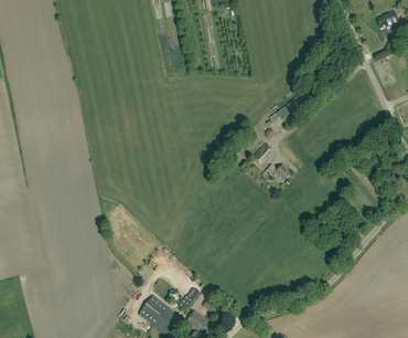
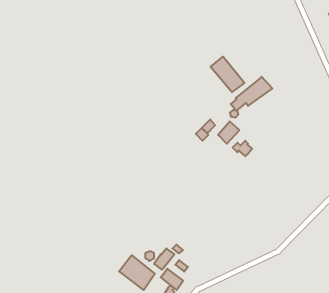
building: none -> [211,57,244,92]

